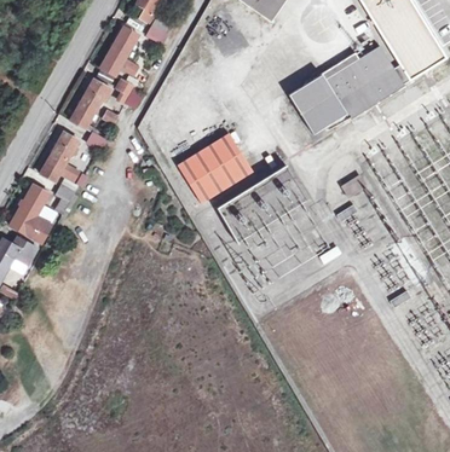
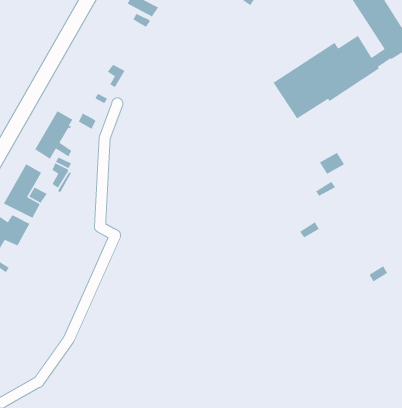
building: [102,24,145,77] -> none
building: [71,77,114,127] -> none
building: [178,132,254,203] -> none

